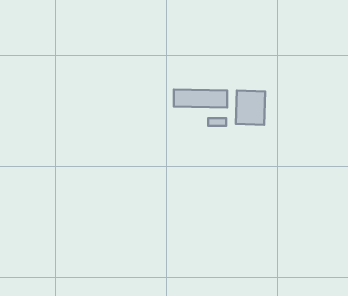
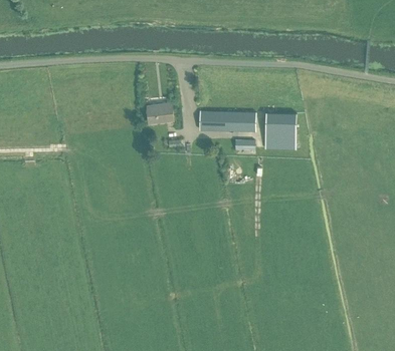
building: none -> [147,102,173,122]

